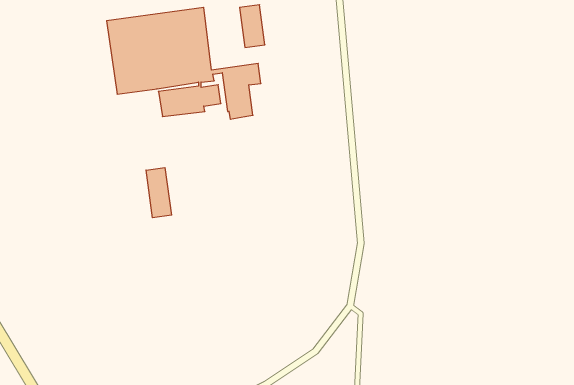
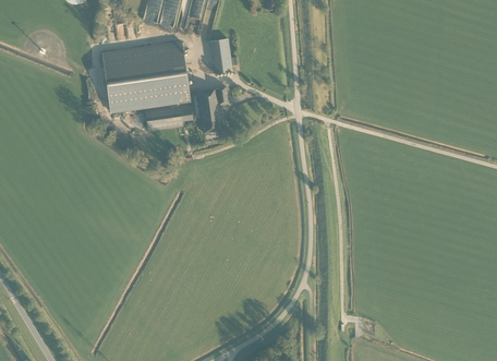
building: [146,168,172,218] -> none

